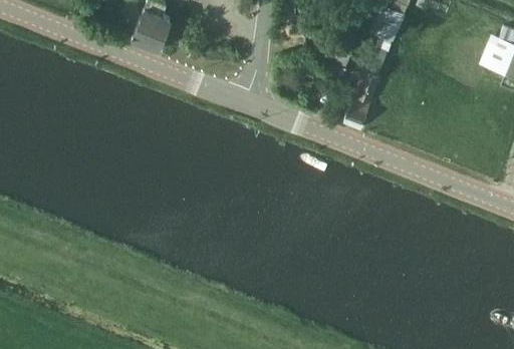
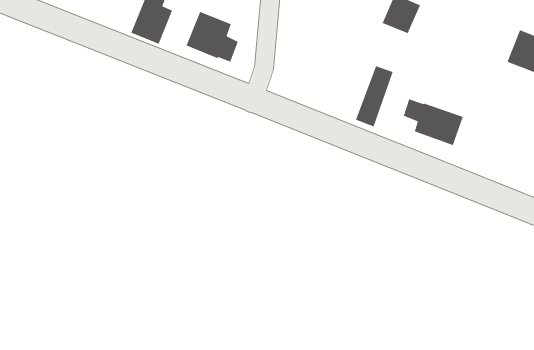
building: none -> [186,11,238,62]
building: none -> [403,98,463,146]

